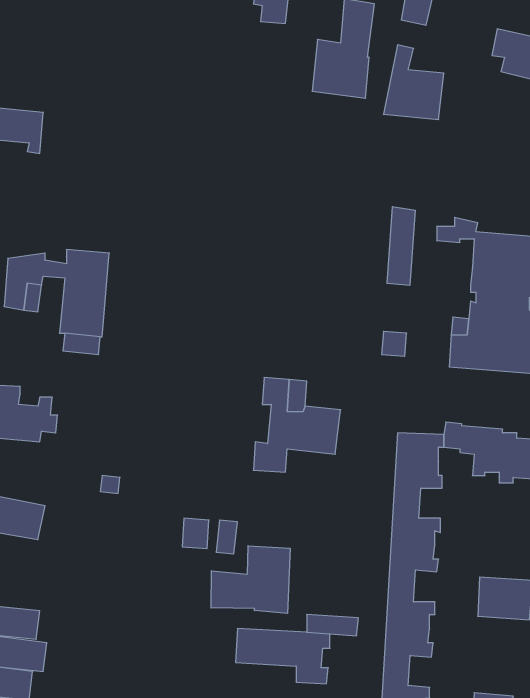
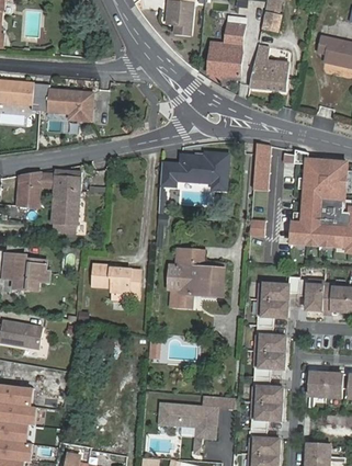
building: none -> [38,86,92,121]
building: none -> [160,154,229,191]
building: none -> [95,265,139,303]
building: [211,546,290,613] -> none

